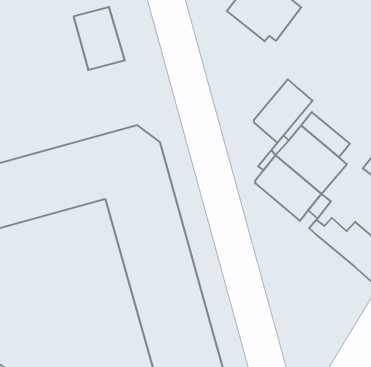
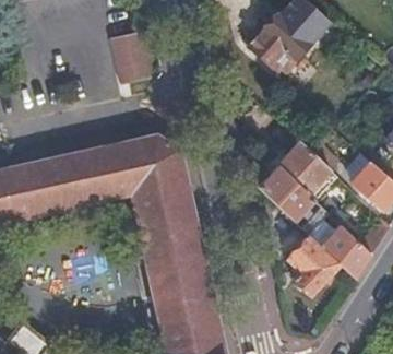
building: [254,79,313,143] -> none
building: none -> [286,236,340,298]

